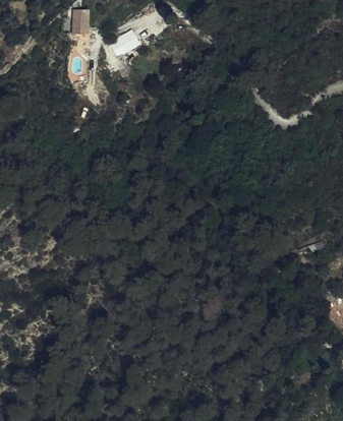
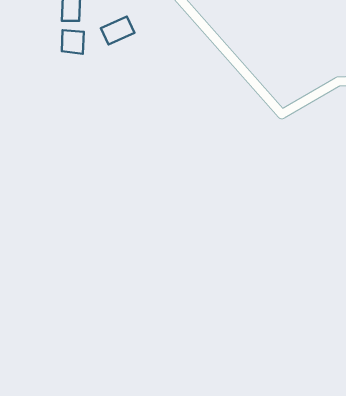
building: none -> [62,30,84,54]

